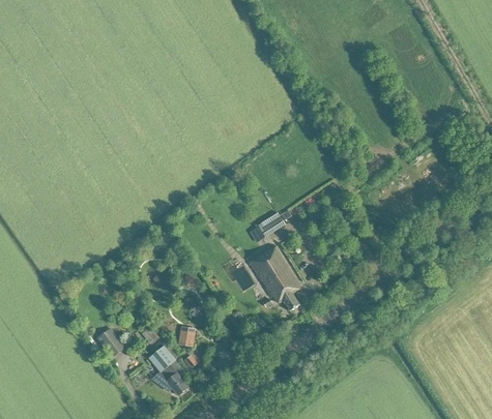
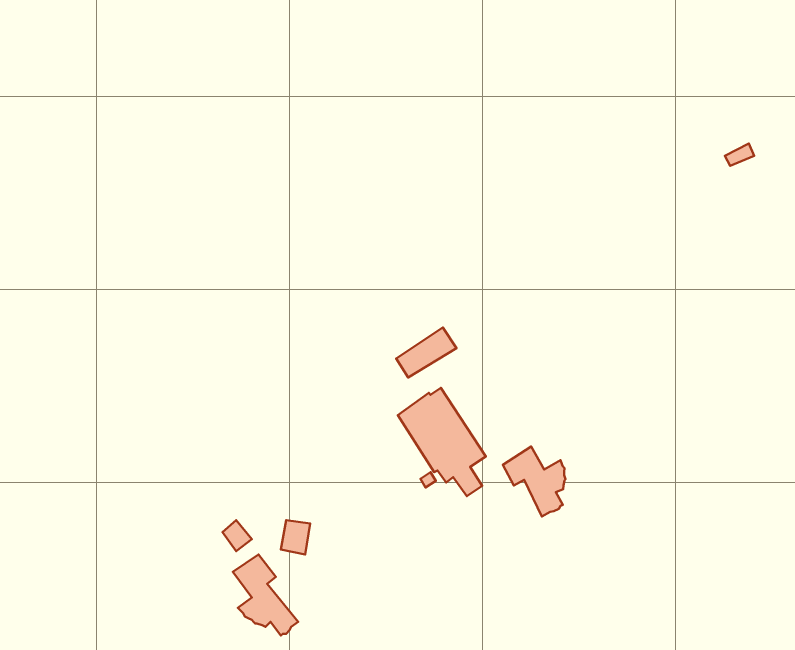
building: none -> [503,446,565,517]
building: [97,327,126,358] -> none

